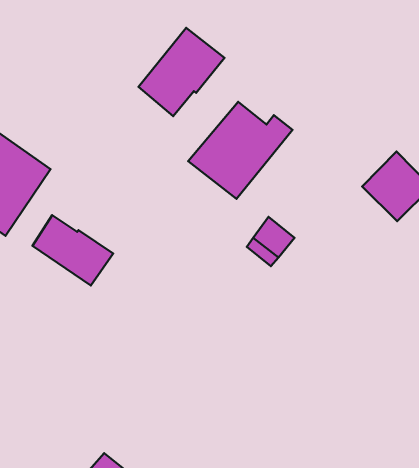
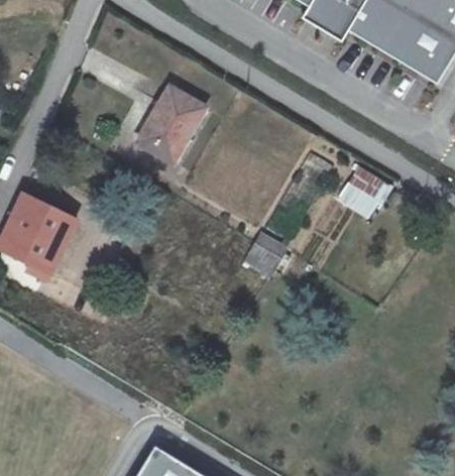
building: [188,102,292,199] -> none
building: [32,215,113,285] -> none

